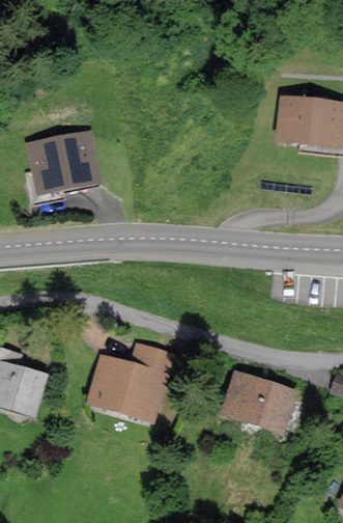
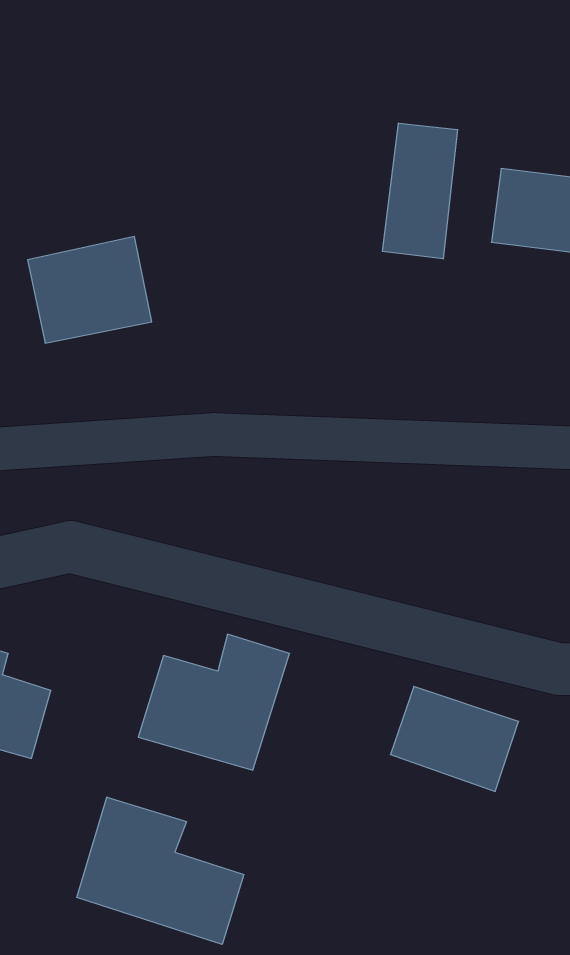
building: none -> [383,123,458,259]
building: none -> [77,797,244,944]

